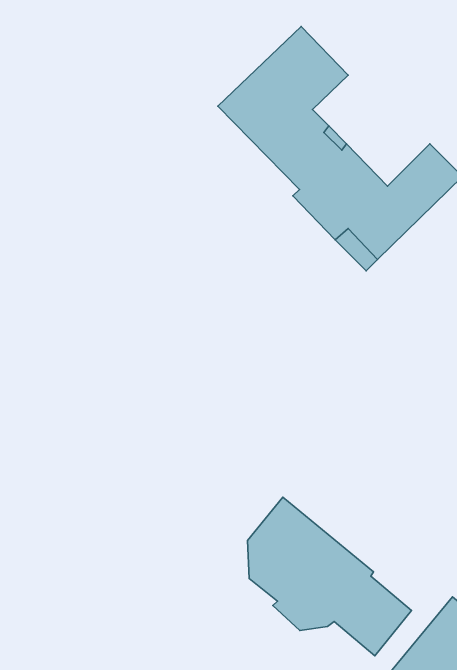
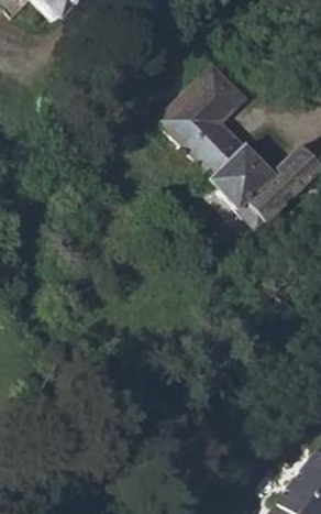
building: [248,497,412,656] -> none

